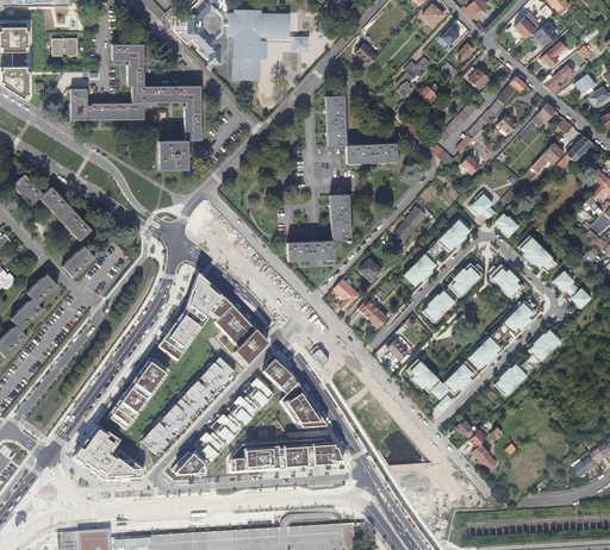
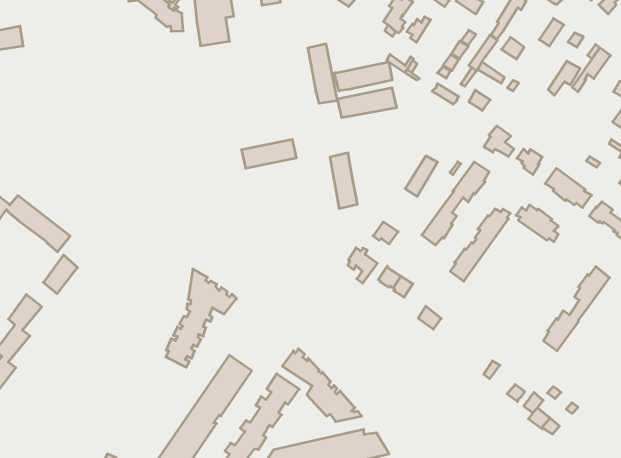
building: [70,44,200,170] -> none
building: none -> [334,62,392,91]
building: [286,240,334,260] -> [241,139,297,168]
building: [406,300,535,399] -> none
building: [213,307,266,367] -> none
building: [108,360,166,429] -> none

